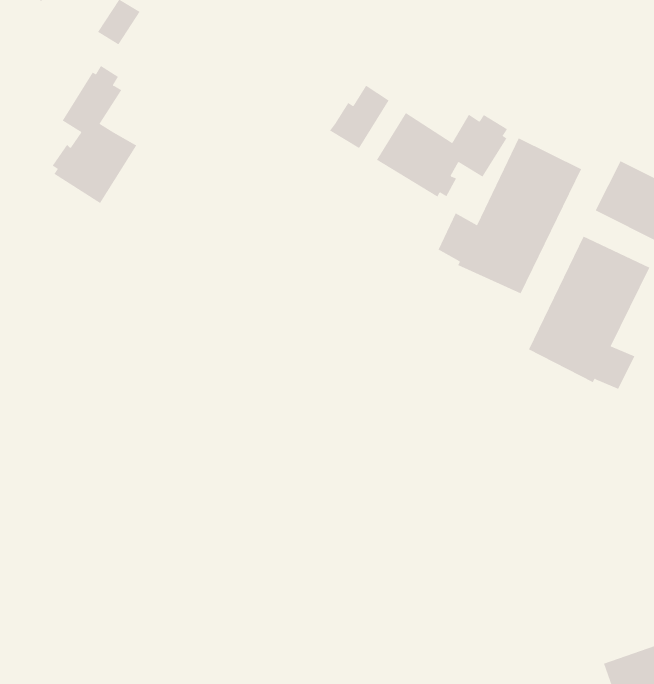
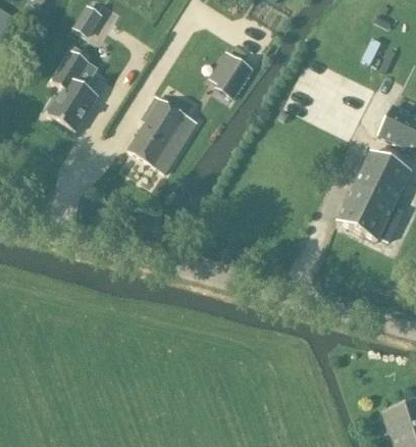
building: [376,112,508,198] -> none
building: [438,137,582,294] -> none
building: none -> [127,96,196,172]

